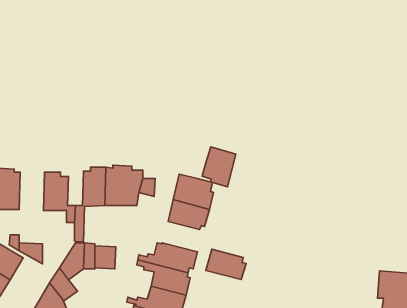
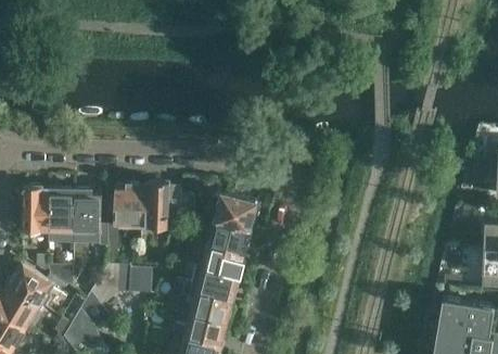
building: [202,147,236,187] -> none
building: none -> [48,190,75,231]
building: [206,249,246,279] -> [202,243,245,276]

